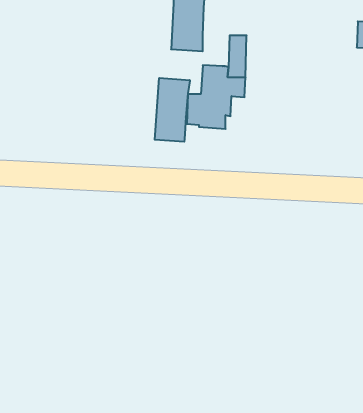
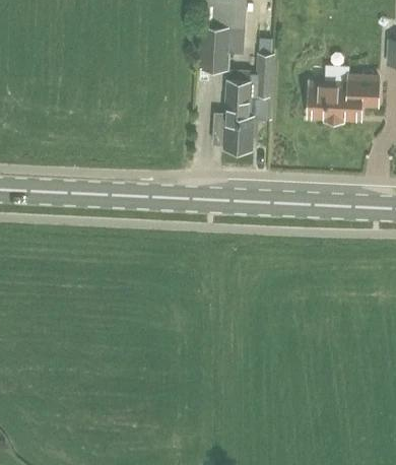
building: none -> [309,75,379,121]
building: [155,78,190,142] -> none

